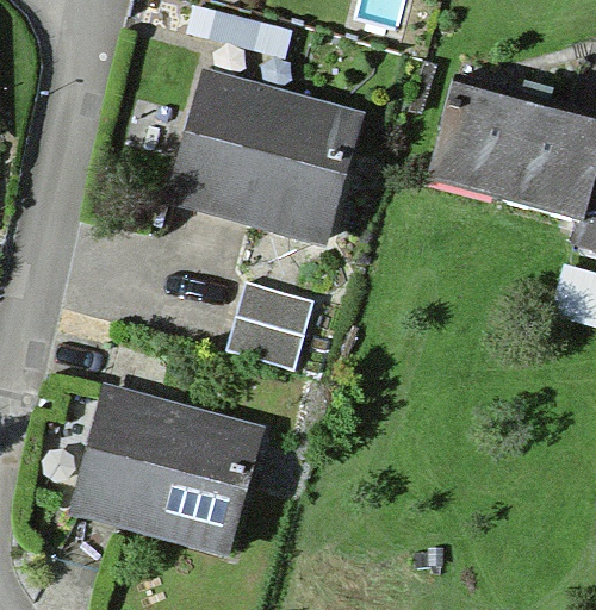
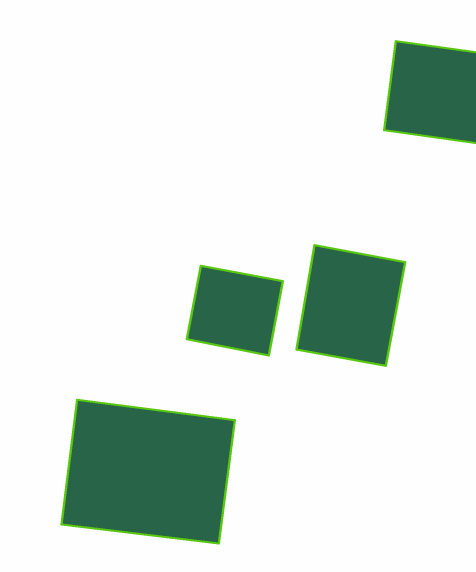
building: [178,75,359,238] -> none
building: none -> [296,245,405,366]

